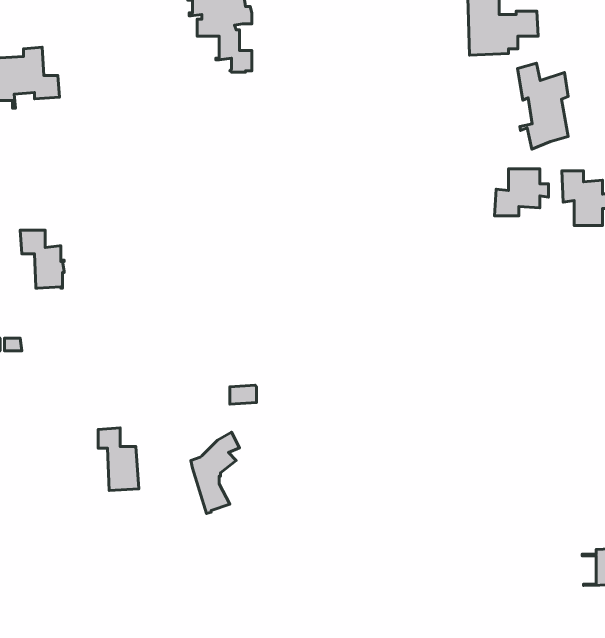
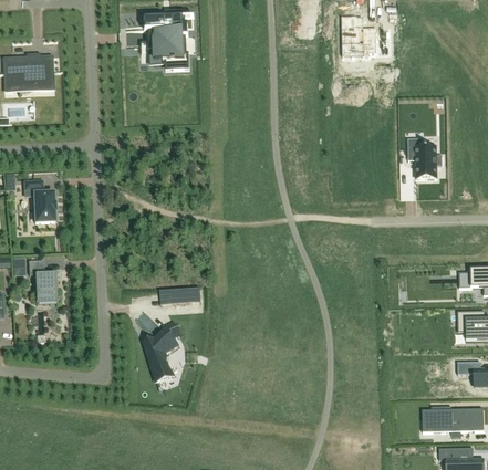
building: [517,63,568,149] -> none
building: [495,169,548,216] -> none
building: [98,428,139,490] -> [29,259,58,303]

